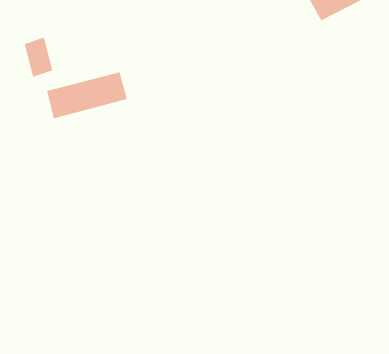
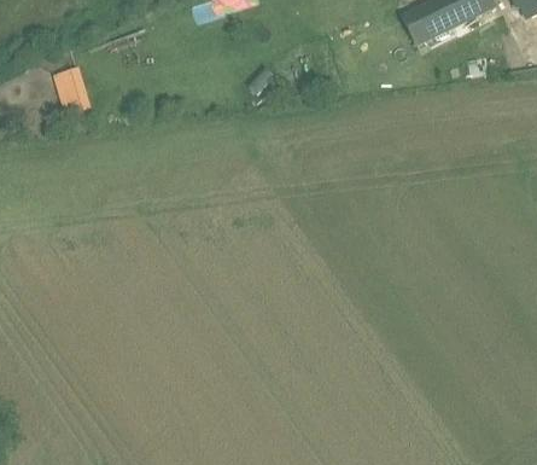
building: [46,71,128,119] -> none

